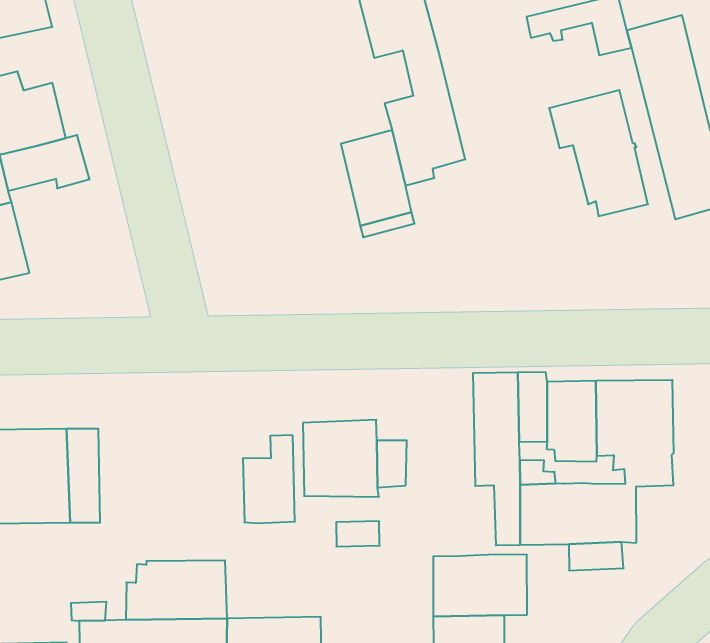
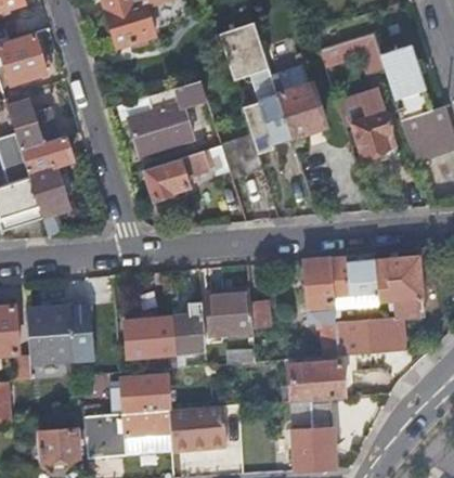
building: none -> [271,63,325,135]
building: none -> [129,80,207,155]
building: none -> [145,145,230,201]
building: none -> [27,162,68,236]
building: none -> [124,316,176,358]

